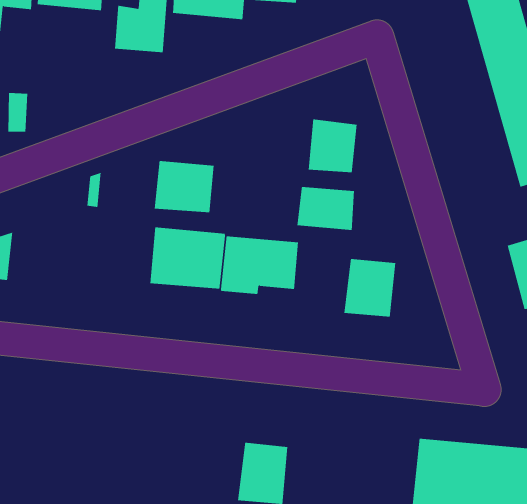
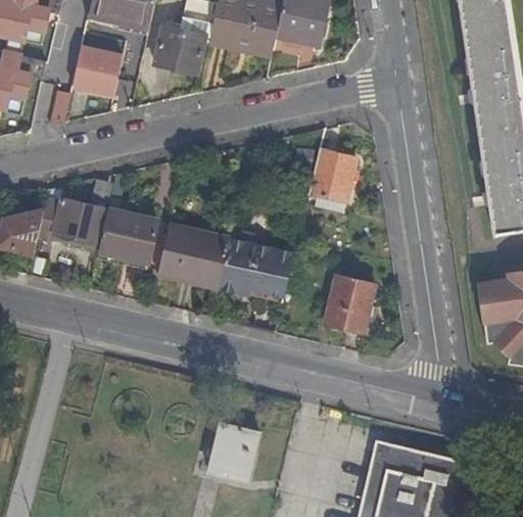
building: none -> [73,43,133,100]
building: [154,160,214,213] -> [100,209,158,262]
building: [297,186,355,231] -> none
building: none -> [54,199,105,243]

